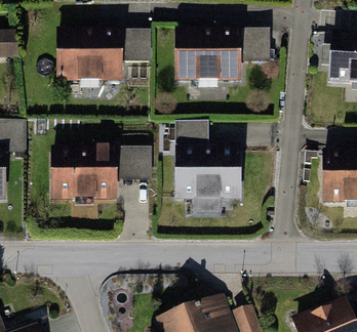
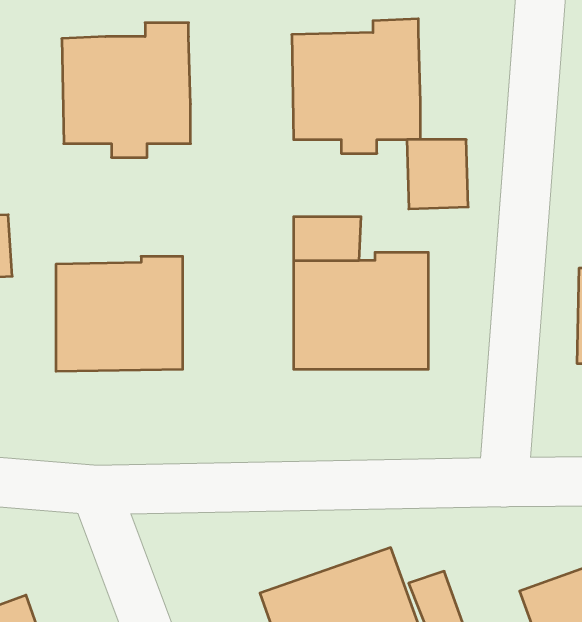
building: [239,26,271,61] -> [407,140,468,209]
building: [120,27,152,63] -> none
building: [117,143,151,180] -> none

